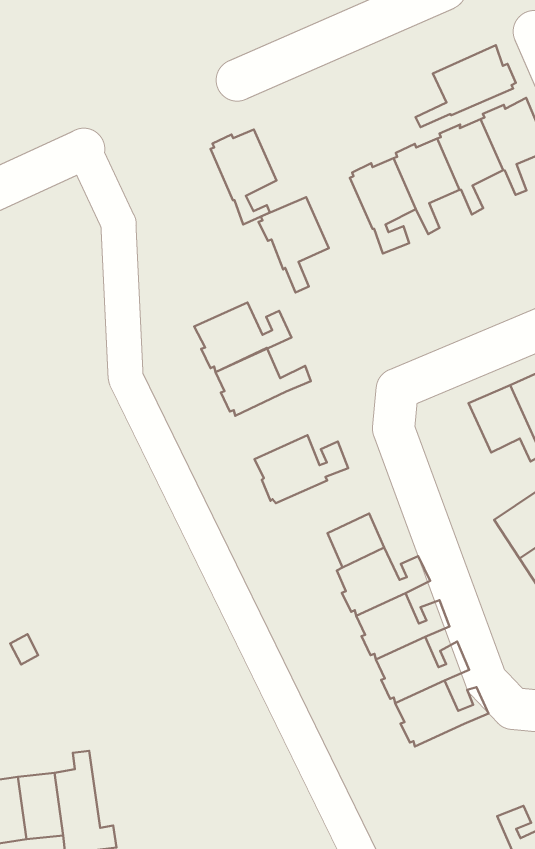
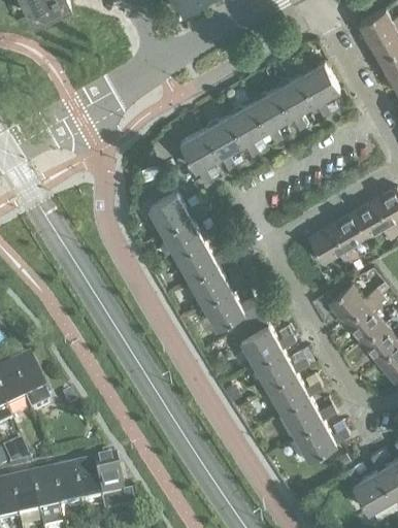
building: [416,45,516,127] -> none
building: [210,129,276,225] -> [203,114,242,169]
building: none -> [174,239,229,279]
building: none -> [202,288,256,328]
building: none -> [294,419,347,459]

